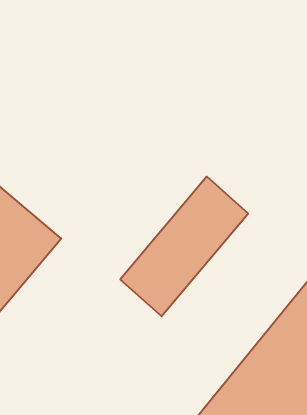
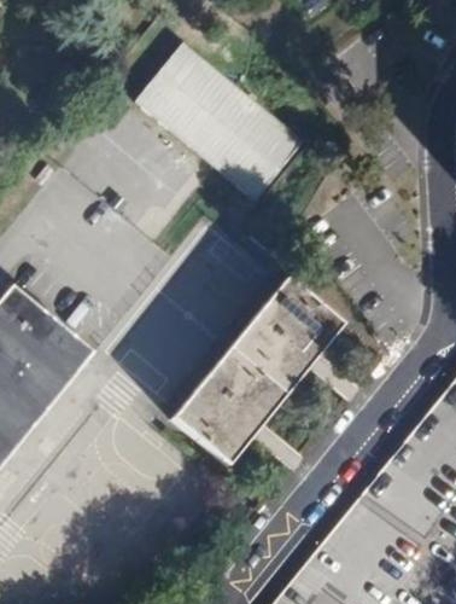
building: none -> [129,43,306,203]

